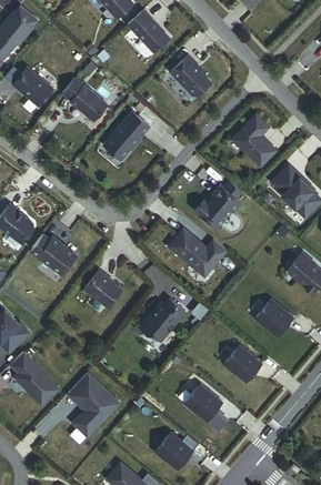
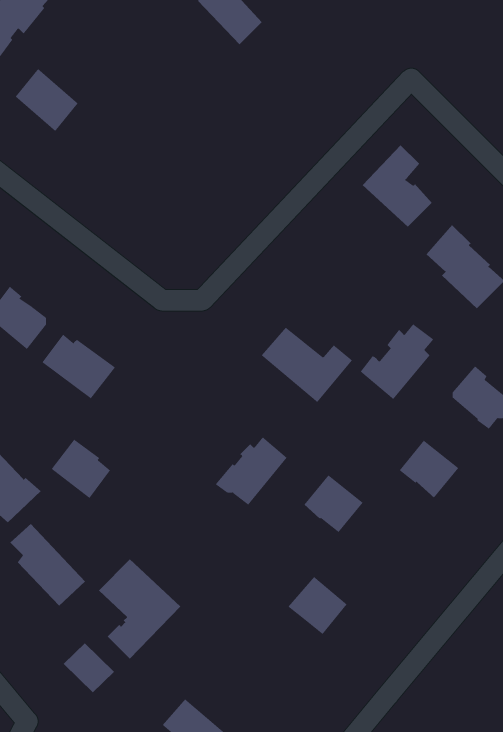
building: [171,55,213,95] -> none
building: [62,78,107,121] -> none
building: [103,111,149,160] -> none
building: [195,181,242,229] -> [360,324,434,400]
building: [83,270,121,307] -> [51,439,111,499]
building: [223,345,261,382] -> [303,474,364,533]
building: none -> [63,643,115,693]
building: [154,432,192,468] -> none

